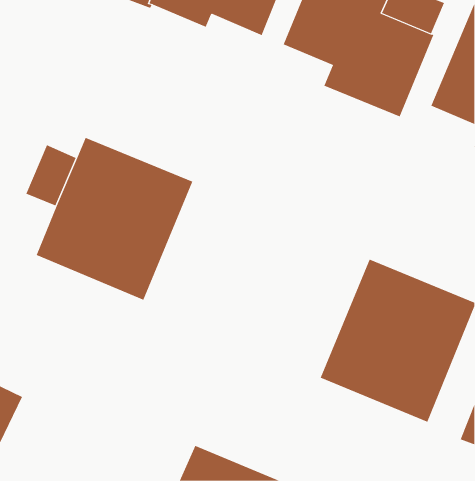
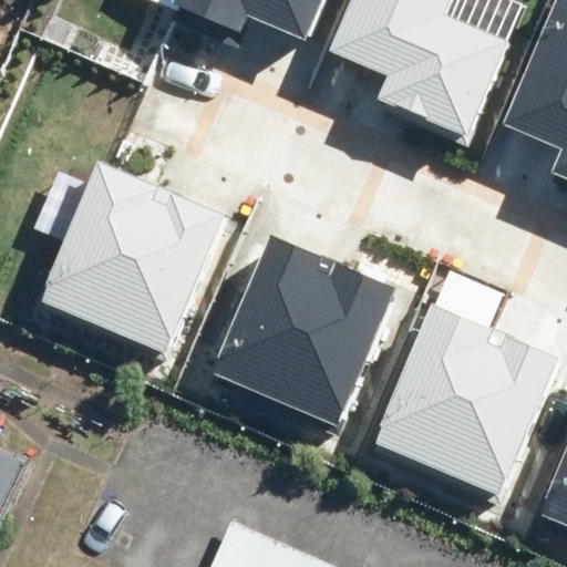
building: none -> [214,235,396,425]

